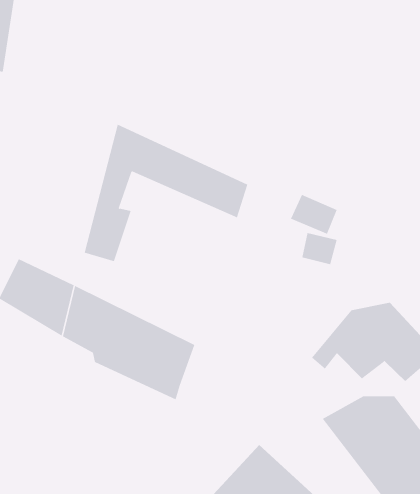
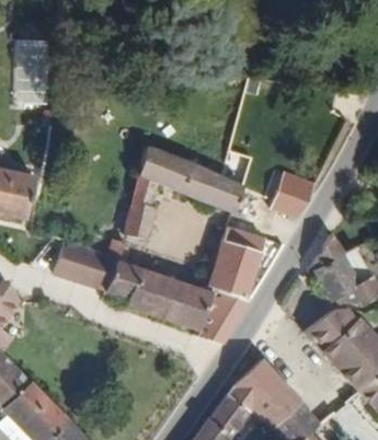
building: none -> [192,205,260,332]

